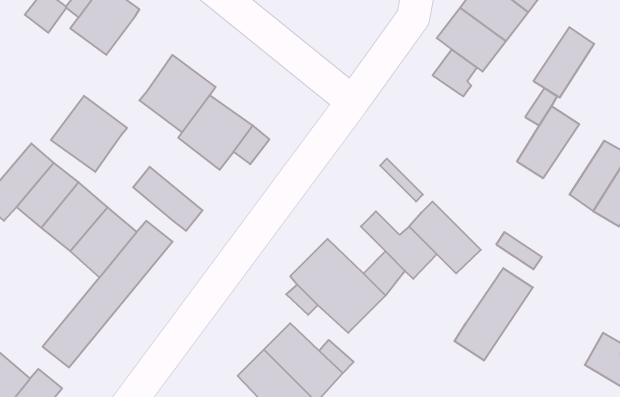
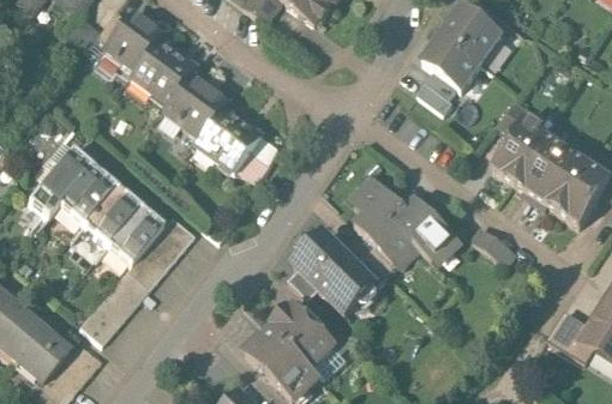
building: [533,27,594,98] -> [514,133,566,194]
building: [51,96,127,172] -> [131,40,197,105]
building: [133,167,203,231] -> none
building: none -> [350,175,408,229]
building: [454,268,533,361] -> none

